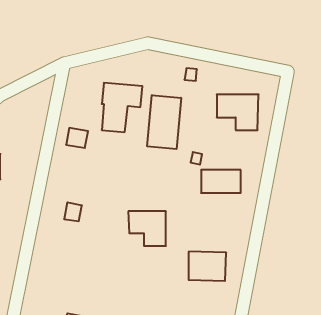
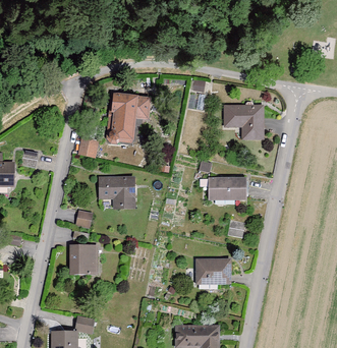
building: [147,95,181,149] -> none
building: [128,211,166,246] -> [98,176,134,210]
building: none -> [69,245,99,277]

